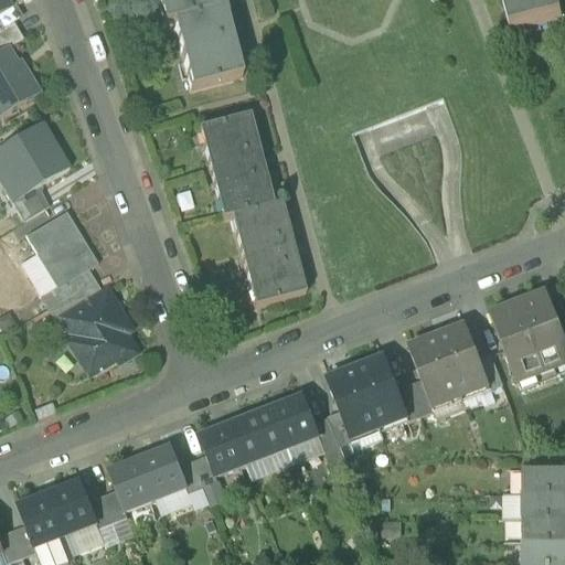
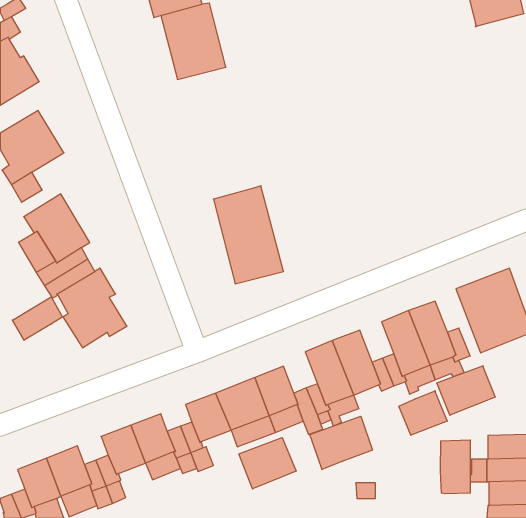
building: [200,109,274,214] -> none
building: none -> [12,297,63,340]
building: none -> [437,366,495,415]
building: none -> [399,391,447,435]
building: none -> [310,416,372,470]
building: none -> [239,438,296,489]
building: none -> [441,440,470,494]

